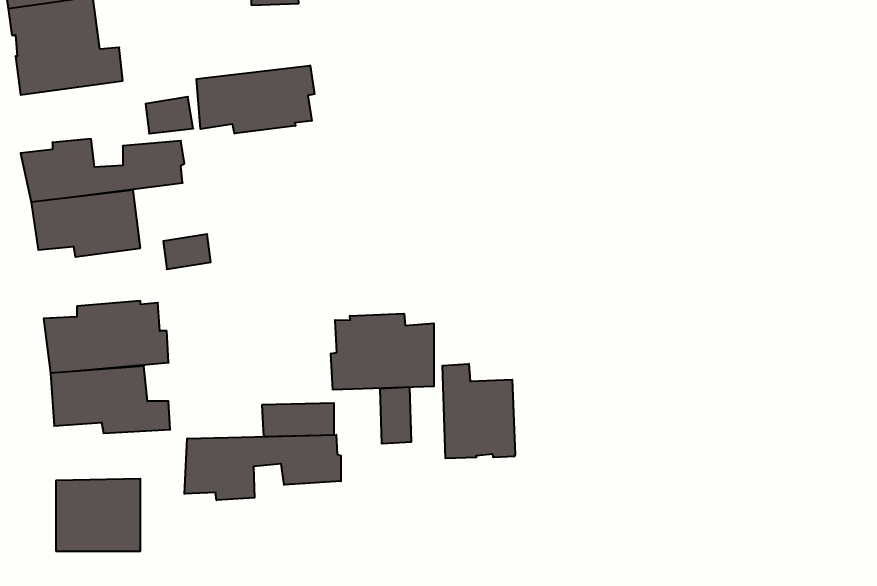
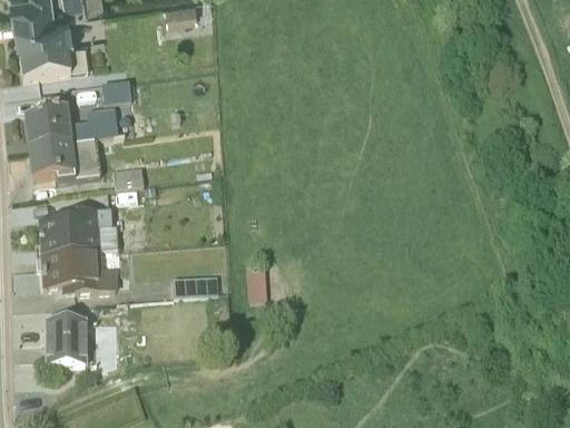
building: [197,65,315,134] -> none
building: [331,314,434,390] -> none
building: [443,364,515,458] -> none
building: [184,435,341,500] -> none

